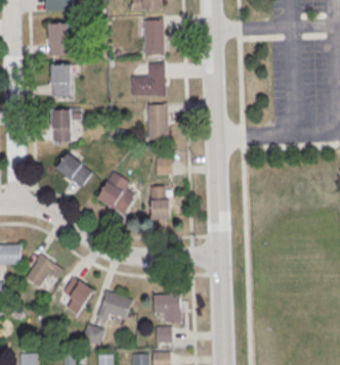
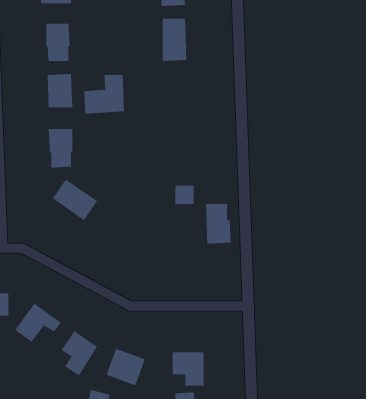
building: [132,65,166,98] -> [83,74,125,114]
building: [148,106,168,141] -> none
building: [96,172,135,214] -> none
building: [151,188,172,222] -> [205,203,232,244]

